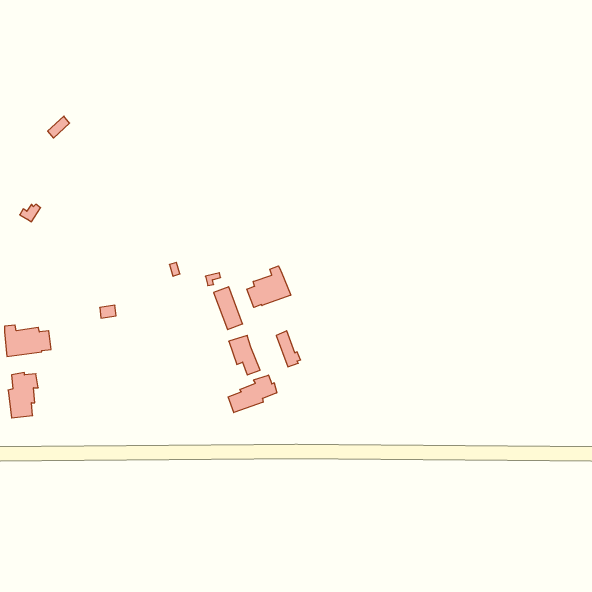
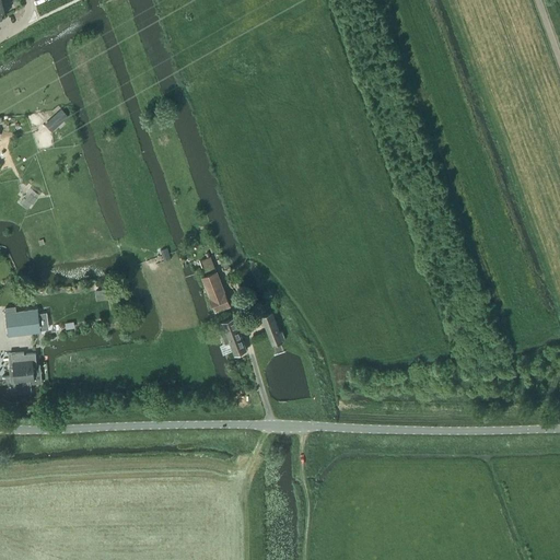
building: [247,266,291,307] -> none
building: [228,375,277,413] -> none

